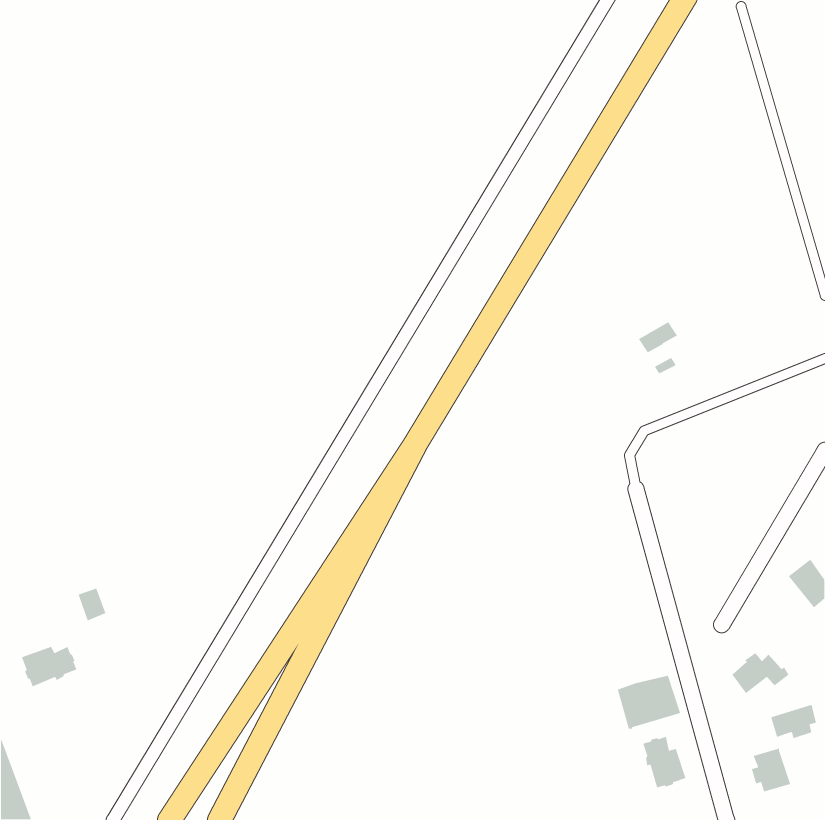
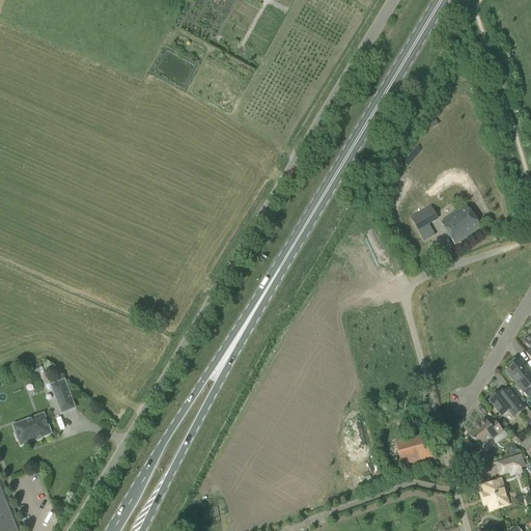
building: none -> [442,204,479,241]
building: none -> [490,390,522,416]
building: [642,736,686,789] -> none

